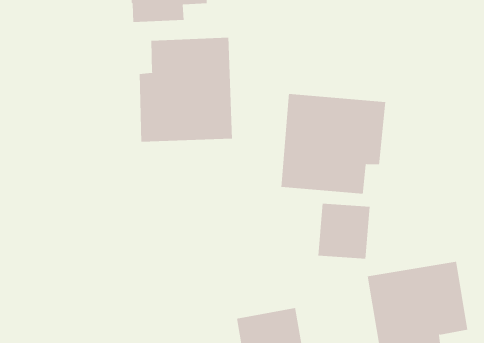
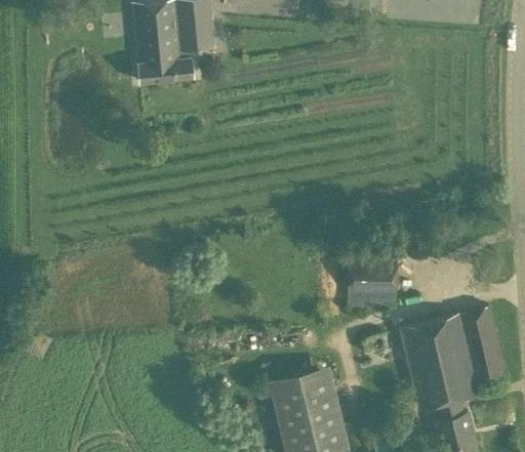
building: [139,37,233,143] -> none
building: [281,93,386,195] -> none

